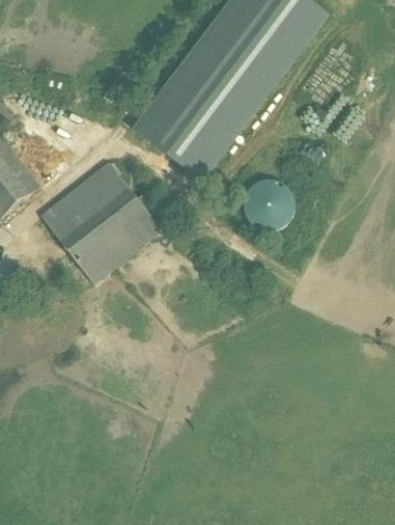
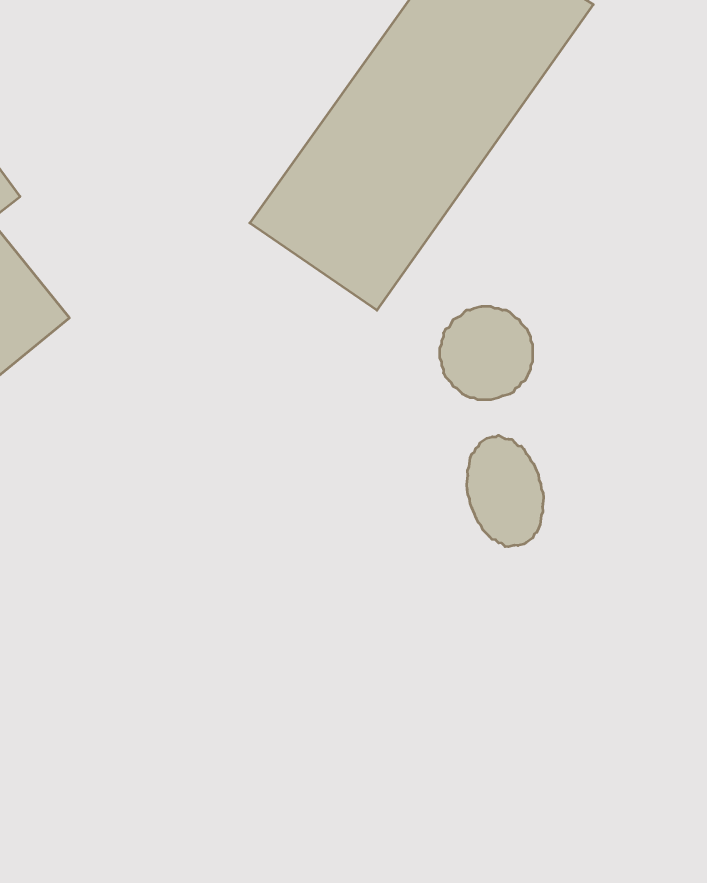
building: [38,160,161,283] -> none
building: none -> [467,435,544,547]

